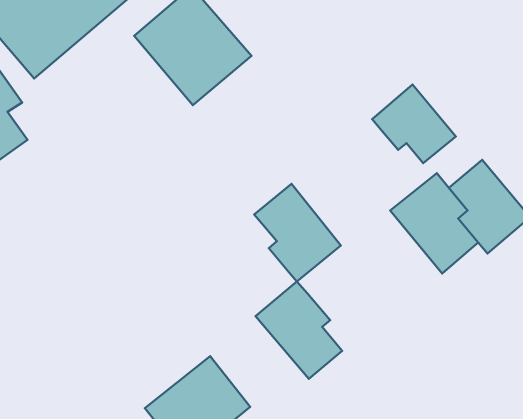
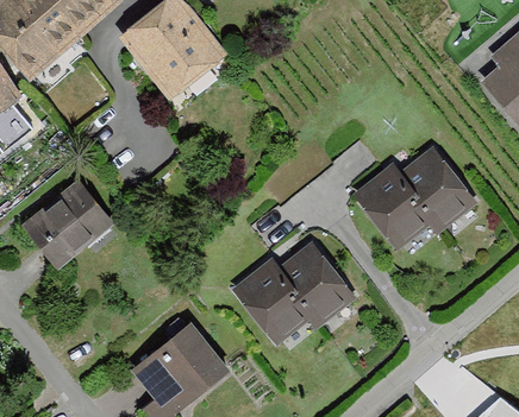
building: [372,84,456,163] -> none
building: [254,184,341,281] -> [277,241,355,328]
building: none -> [23,184,112,270]

